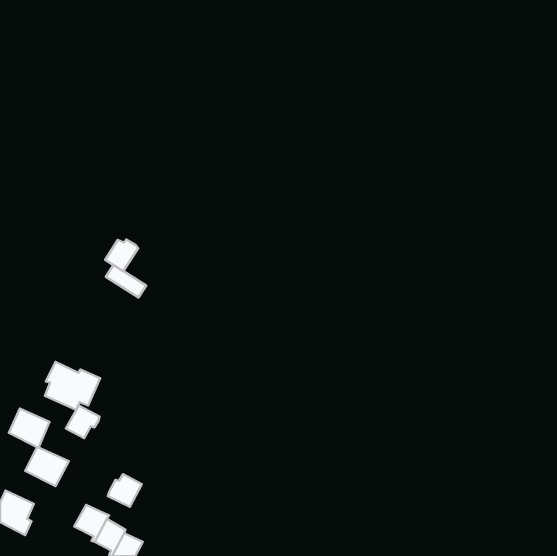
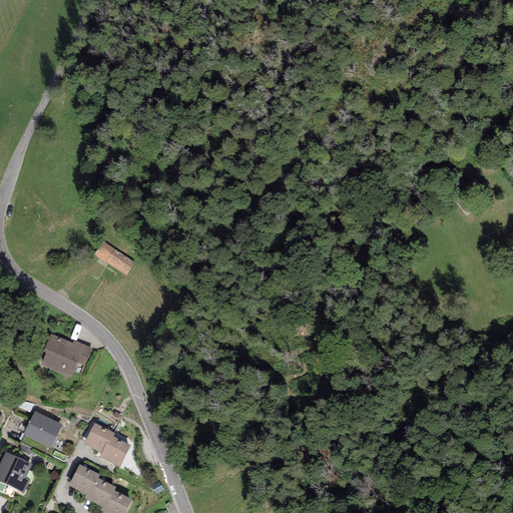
building: [105,239,138,271] -> none
building: [66,406,100,438] -> [83,422,114,452]
building: [9,408,50,448] -> none

